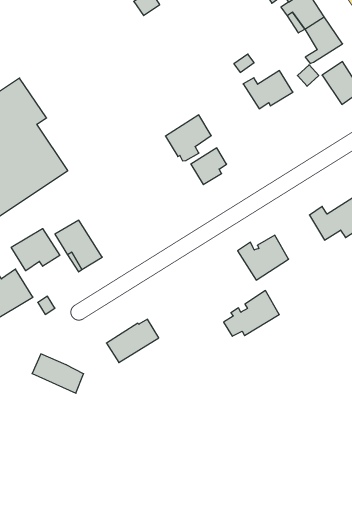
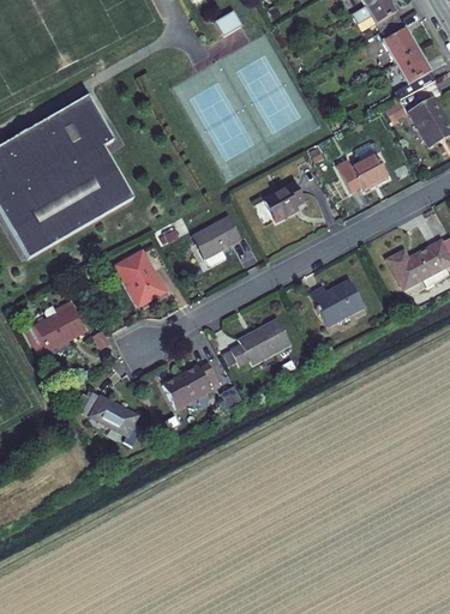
building: [243,71,293,109] -> [336,152,389,192]
building: [165,115,211,161] -> [192,215,241,263]
building: [11,229,60,271] -> none
building: [224,291,279,336] -> [230,318,290,365]

